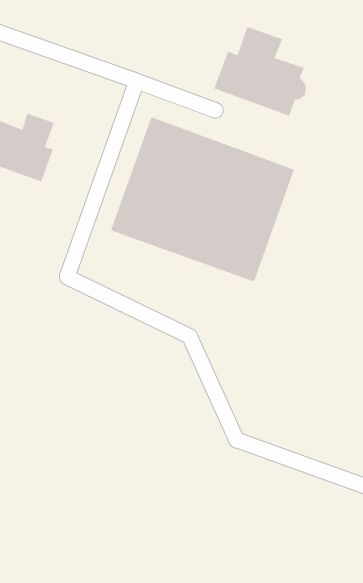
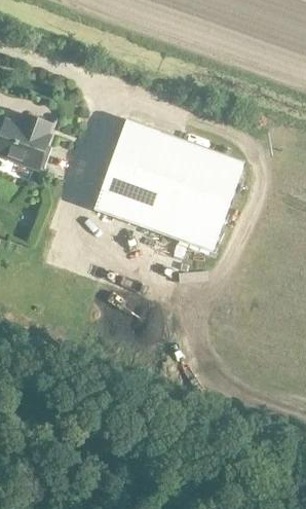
building: [213,26,306,116] -> none

